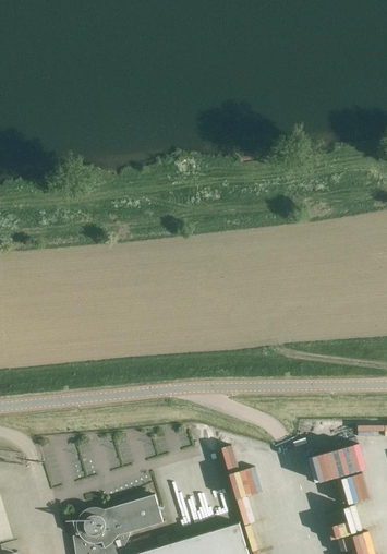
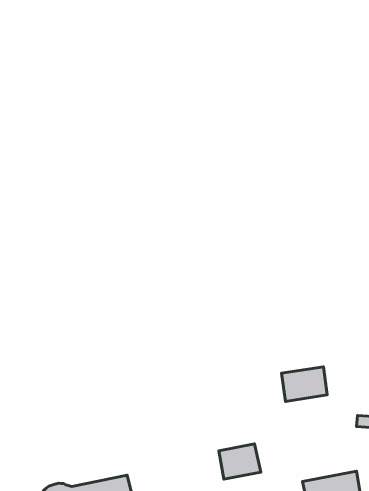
building: [316,447,359,481] -> [282,367,327,401]

